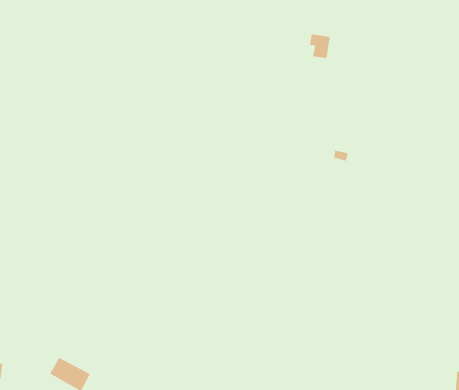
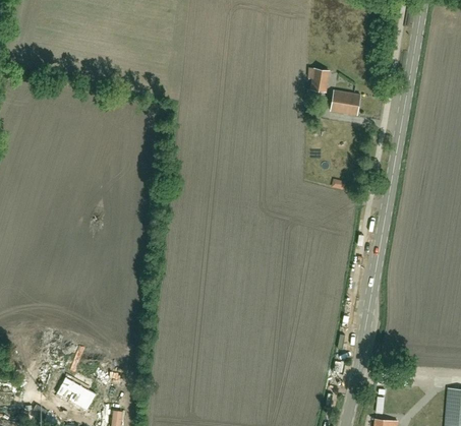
building: none -> [330,90,359,116]

